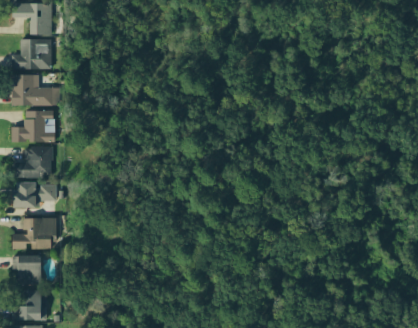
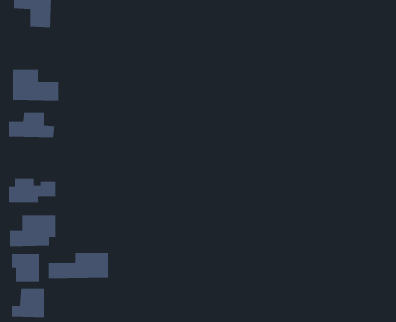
building: [9,38,52,69] -> none
building: [12,145,54,176] -> none
building: none -> [48,252,109,279]

